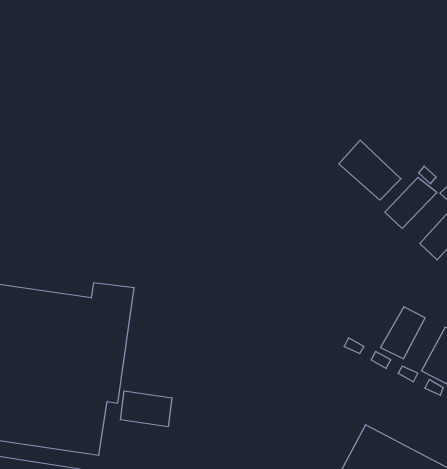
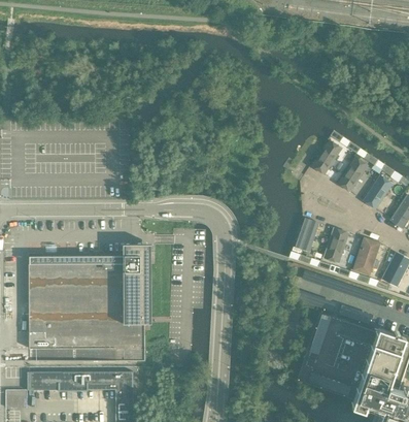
building: [339,140,401,200] -> none
building: none -> [296,219,320,250]
building: [120,391,172,427] -> none

